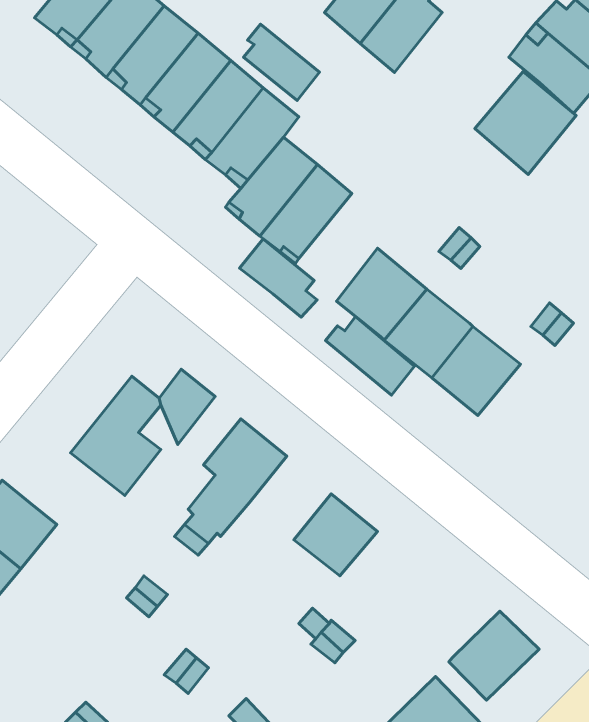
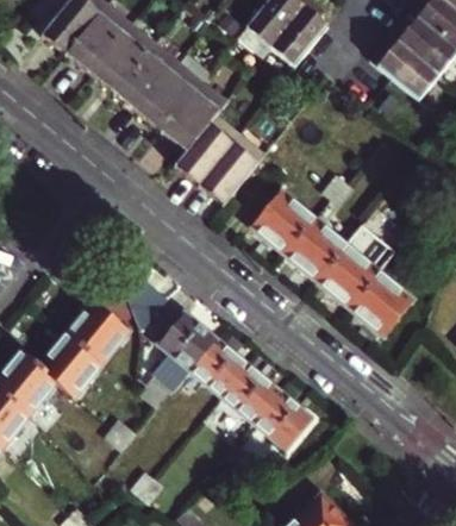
building: [244,24,319,101] -> none
building: [475,71,576,174] -> none
building: [240,239,317,317] -> none
building: [325,317,414,395] -> none
building: none -> [350,273,412,336]
building: none -> [37,334,104,400]
building: none -> [190,337,248,395]
building: none -> [254,389,312,447]
building: [449,611,539,700] -> none

